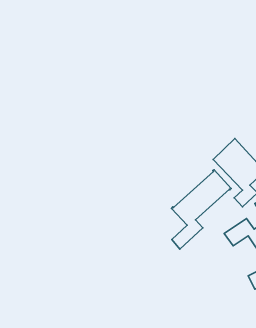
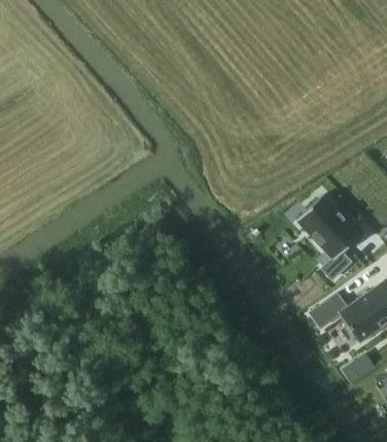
building: [172,170,231,249] -> none

